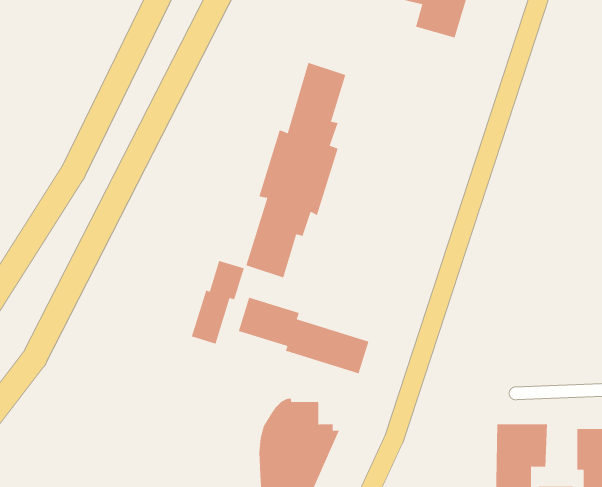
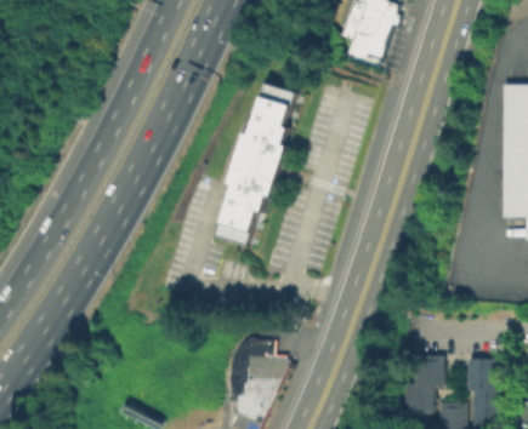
building: [191,260,244,344] -> none
building: [238,297,369,374] -> none

